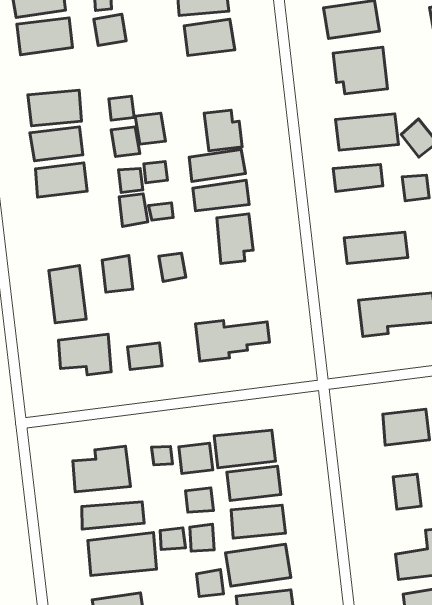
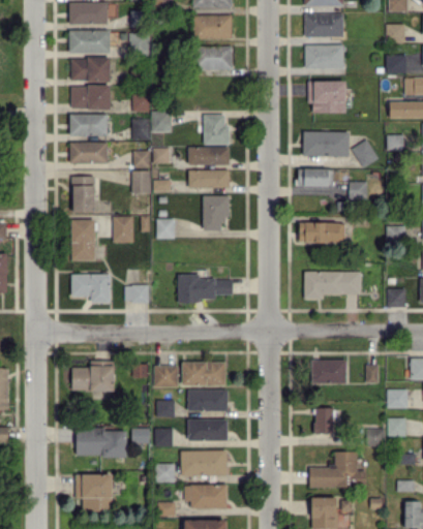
building: none -> [70,57,111,82]
building: none -> [70,176,95,212]
building: [82,502,144,529] -> none

